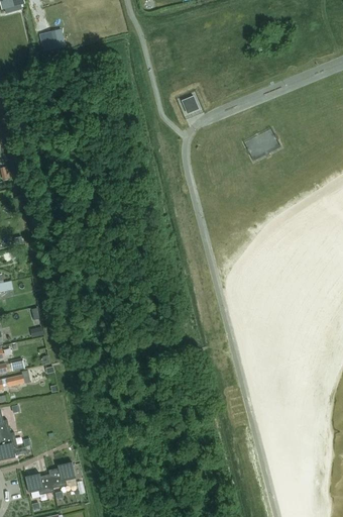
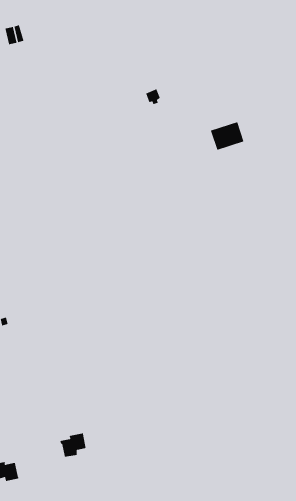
building: [47,462,75,489] -> [60,433,86,459]

